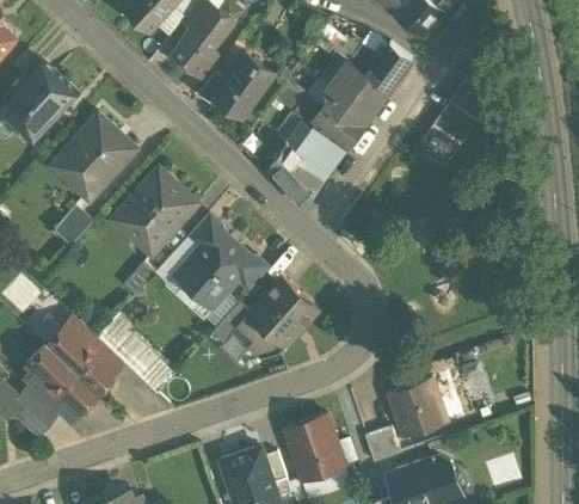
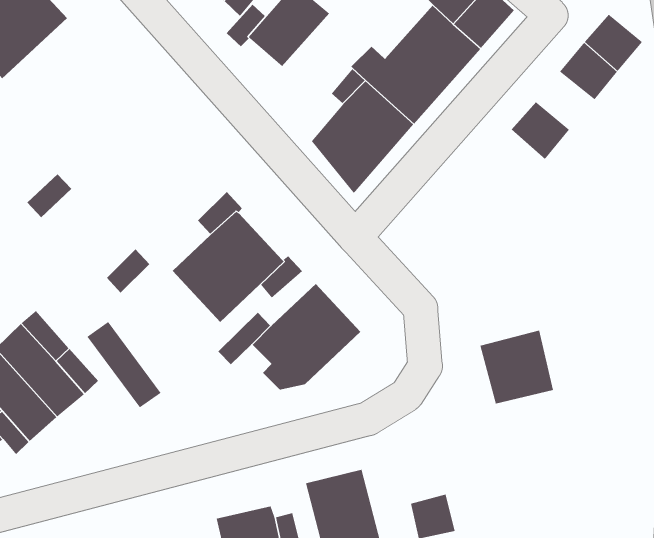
building: [432,102,476,145] -> none
building: [62,113,136,203] -> none
building: [118,167,197,256] -> none
building: [387,377,445,436] -> [480,330,554,404]

